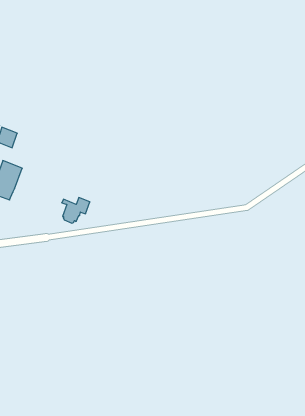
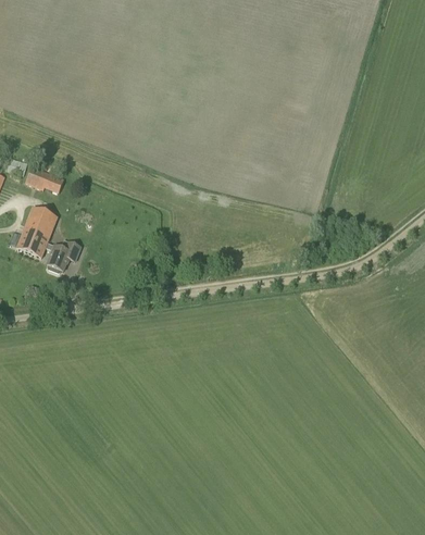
building: [62,198,90,223] -> [46,239,82,272]

